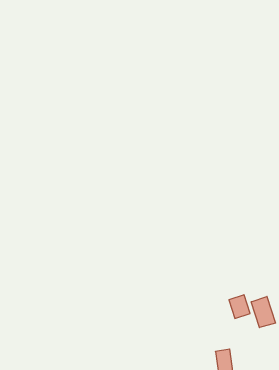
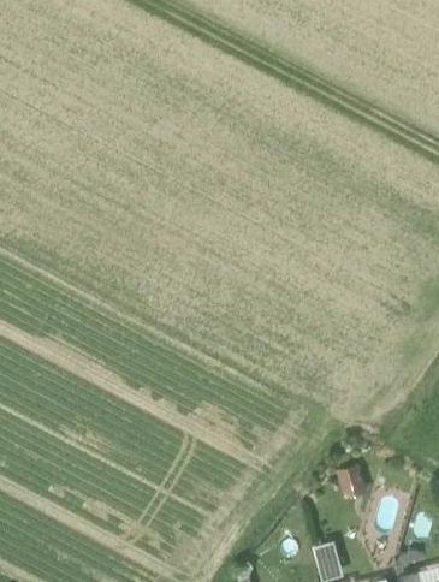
building: [251,296,275,328] -> none

